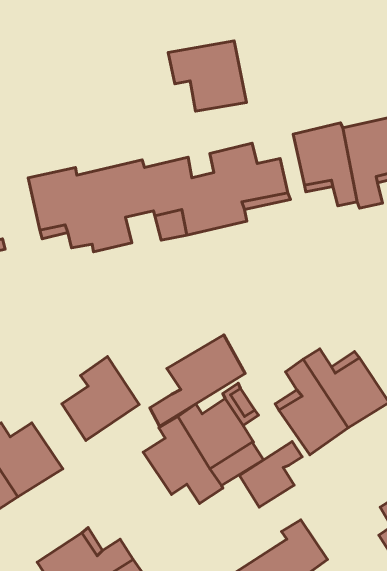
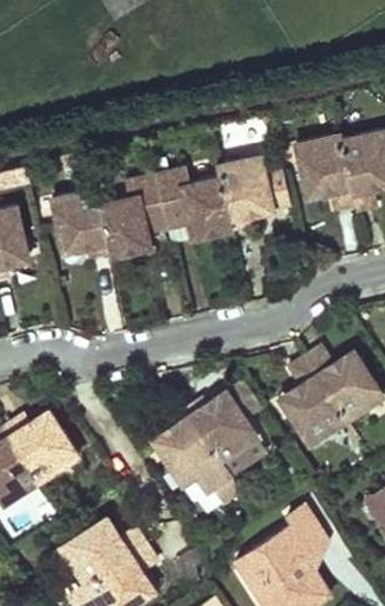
building: [168,41,246,111] -> none
building: [150,335,245,426] -> none
building: [62,357,139,441] -> none
building: [240,441,302,507] -> none

